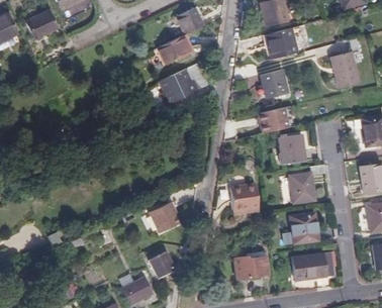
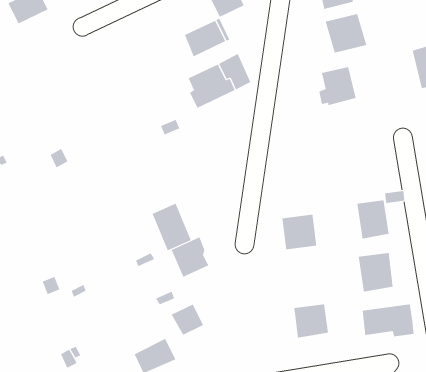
building: [257,109,290,133] -> none
building: [282,132,307,164] -> none
building: none -> [152,203,191,251]

